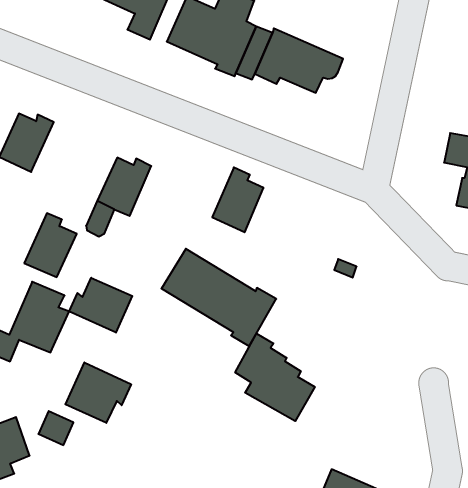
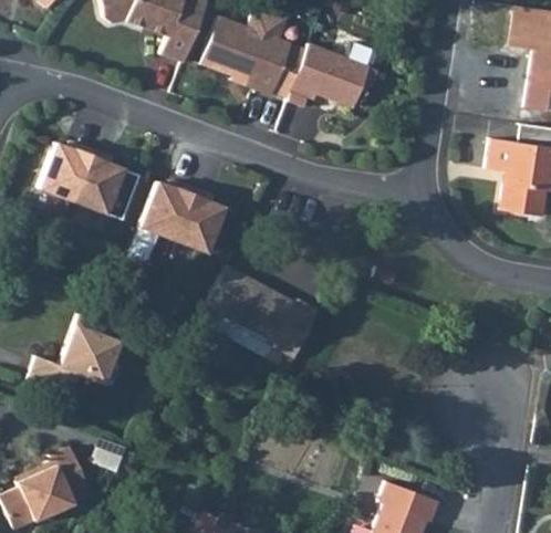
building: [212,167,264,232] -> [174,189,223,253]
building: [24,213,77,277] -> [73,150,124,213]
building: [69,278,132,333] -> none
building: [235,334,315,421] -> none
building: [65,362,131,423] -> none

